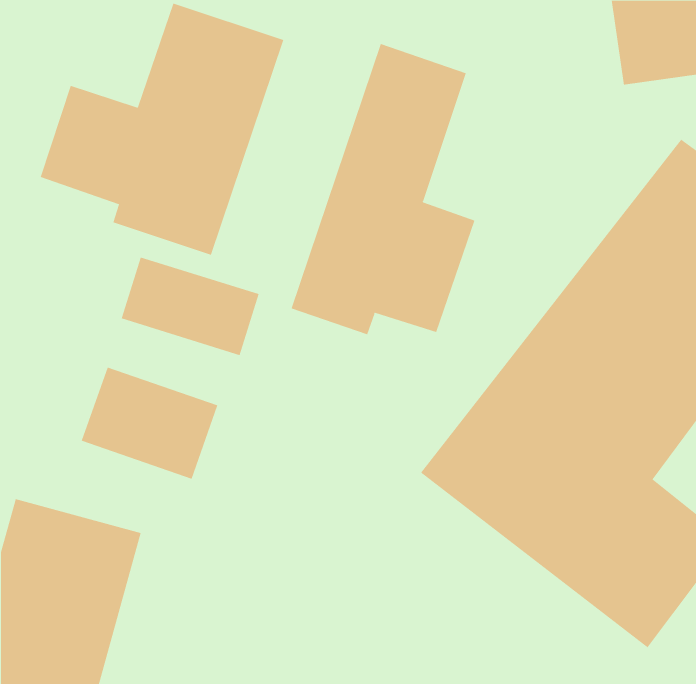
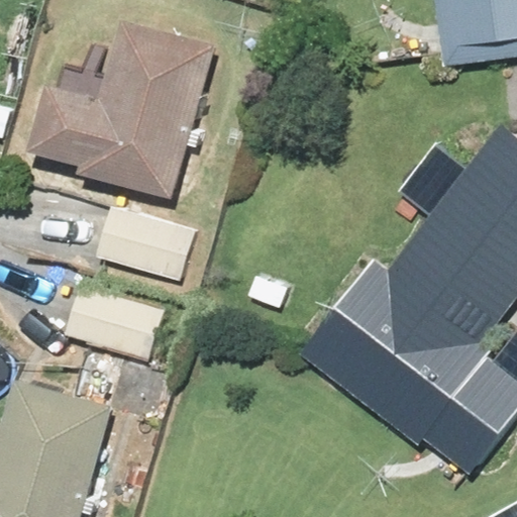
building: [291,43,475,335] -> none

